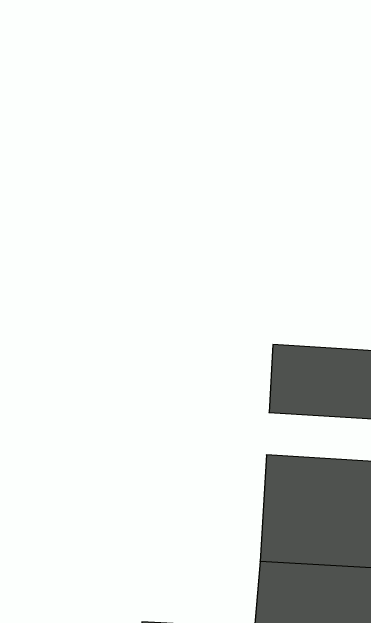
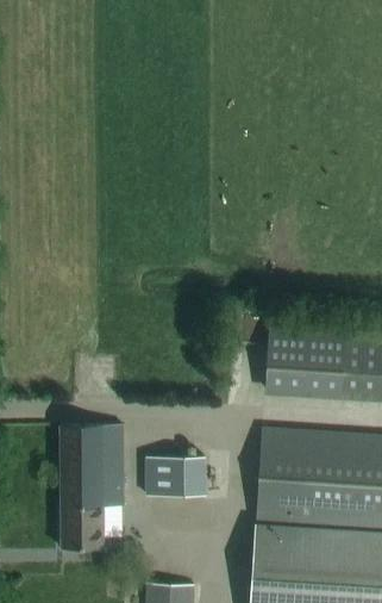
building: none -> [60,425,123,548]
building: none -> [146,456,205,497]

